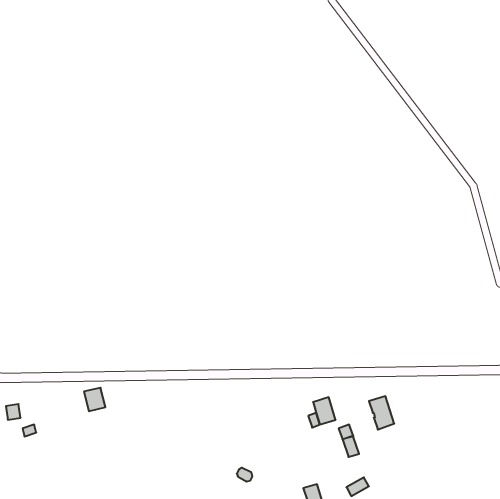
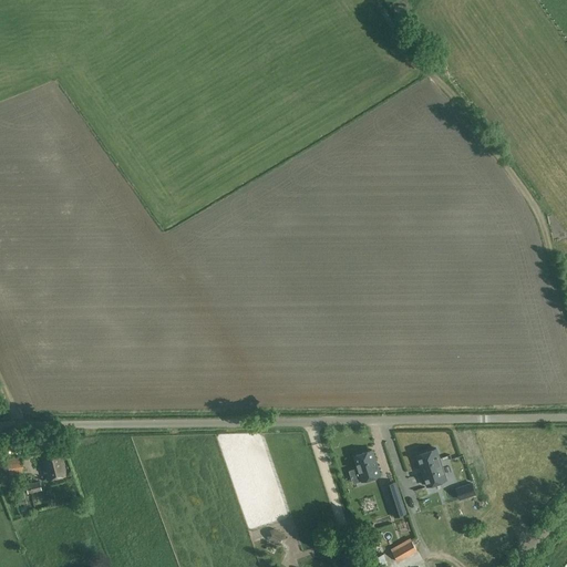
building: [84,388,105,411] -> [41,454,65,481]

